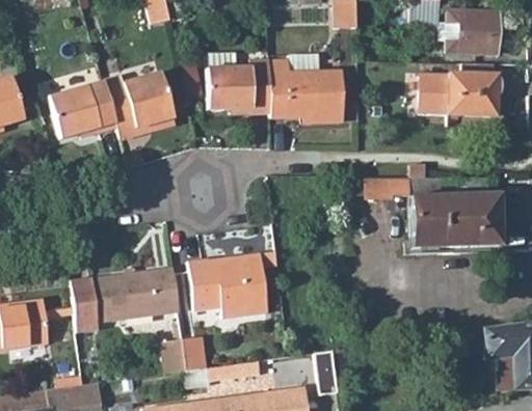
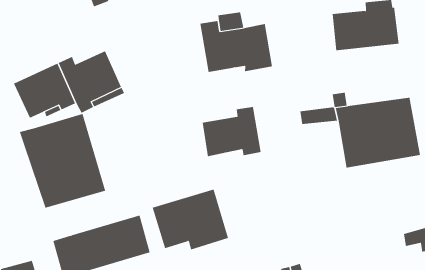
building: [210,60,272,114] -> [202,107,261,157]
building: none -> [19,113,106,209]

